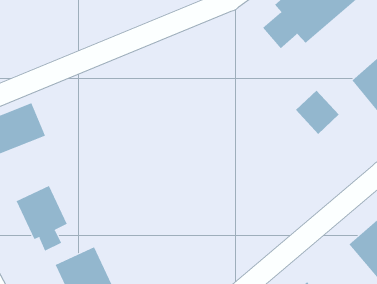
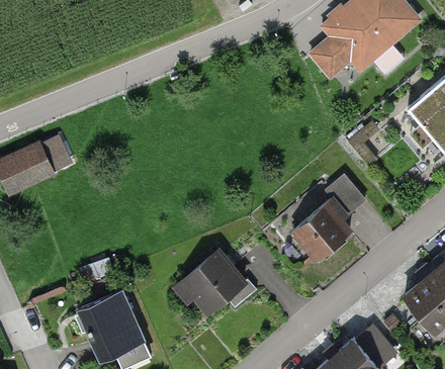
building: none -> [298,178,366,260]
building: [16,185,67,251] -> none
building: none -> [176,251,253,326]

